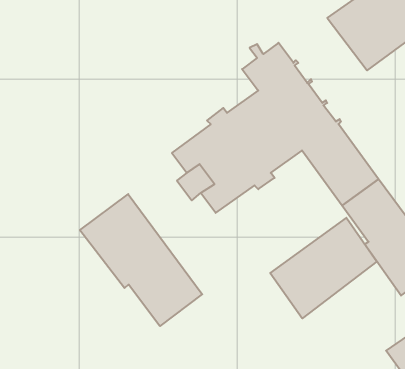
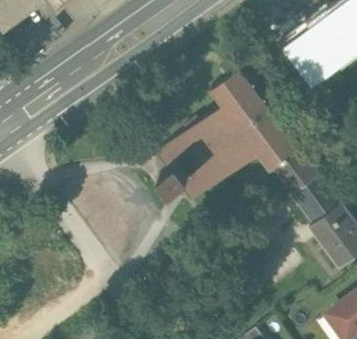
building: [80,194,202,326] -> none
building: [270,218,377,318] -> none

